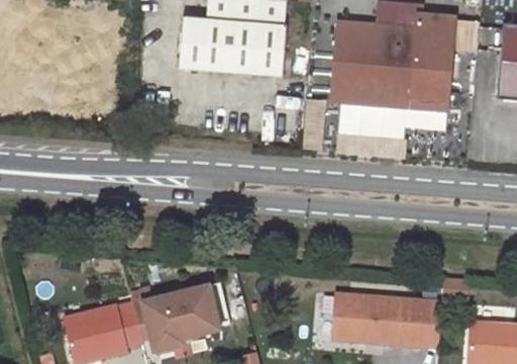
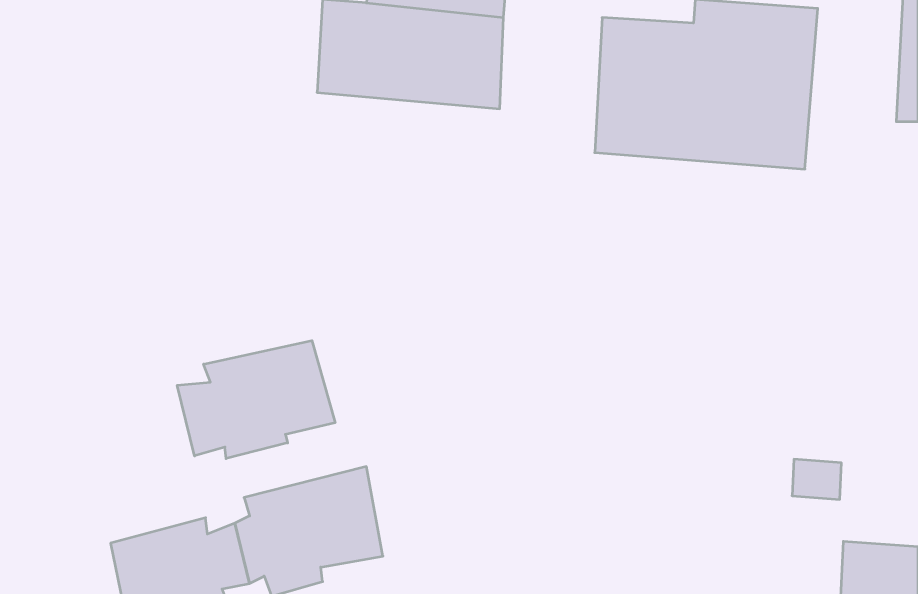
building: none -> [177,341,335,459]
building: [336,290,443,342] -> none

